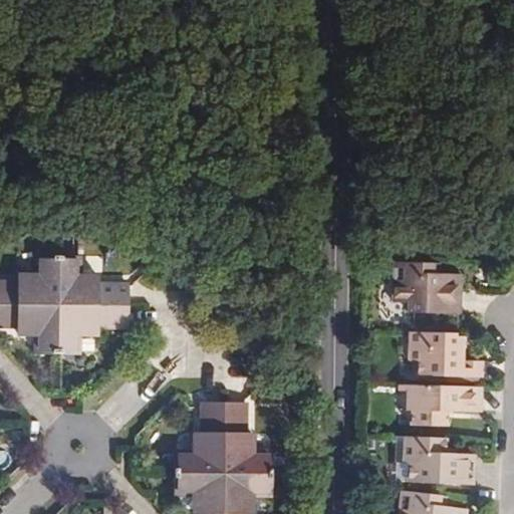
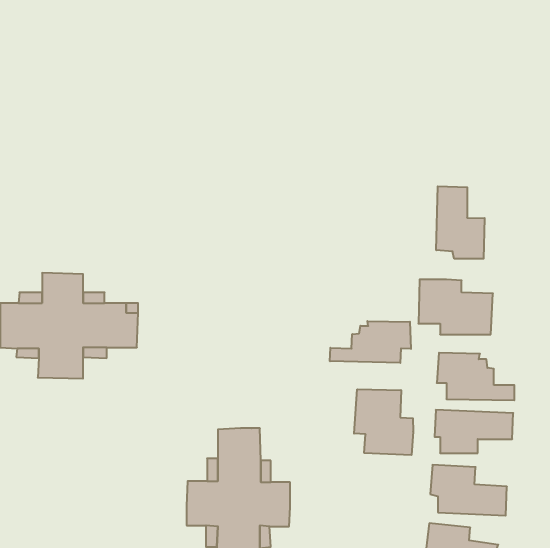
building: none -> [436,186,485,259]
building: none -> [330,321,411,363]
building: none -> [354,389,413,455]

